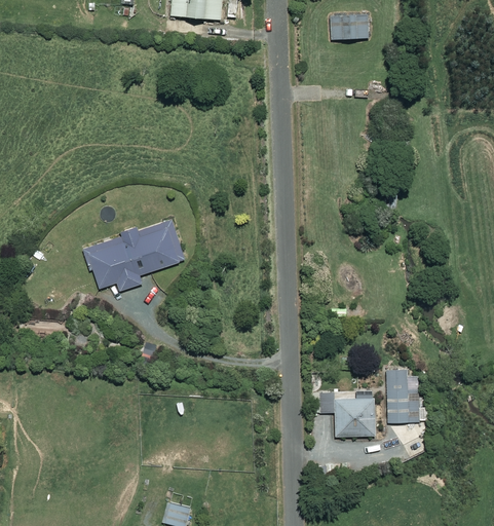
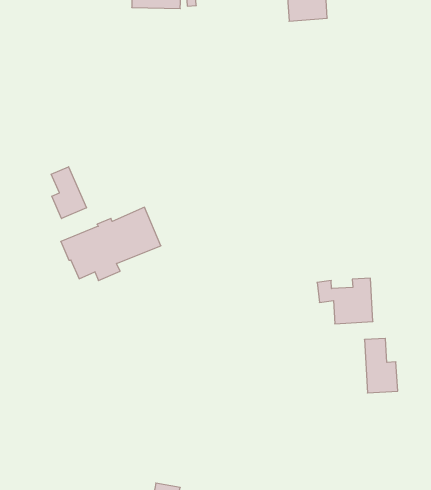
building: none -> [51,167,86,219]
building: [320,391,375,436] -> [317,278,373,324]

